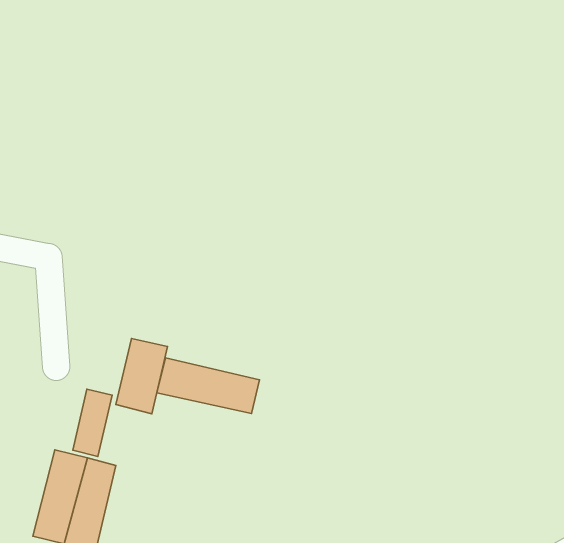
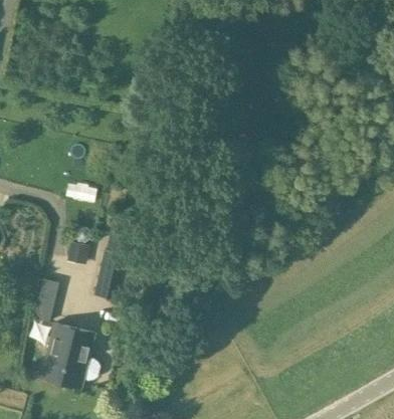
building: [157,358,260,413] -> none
building: [73,389,112,456] -> [34,277,59,321]

